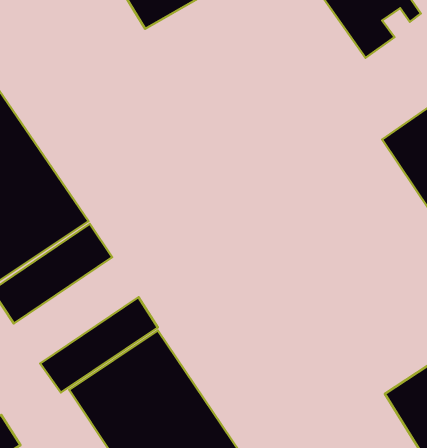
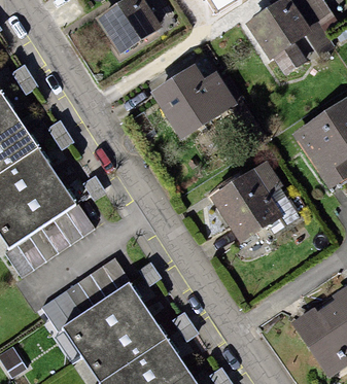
building: none -> [154,72,237,139]
building: none -> [213,170,281,246]

